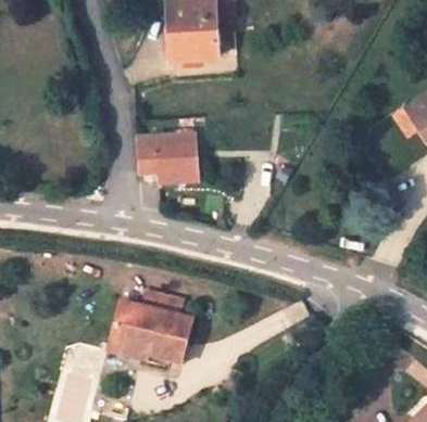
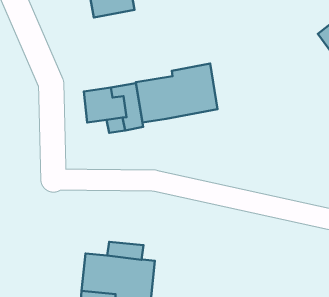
building: none -> [136,64,218,122]

